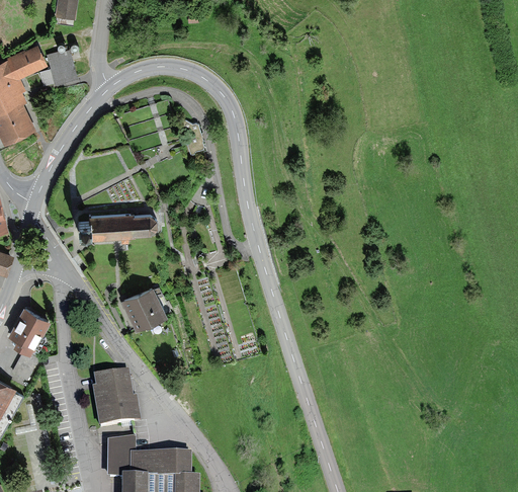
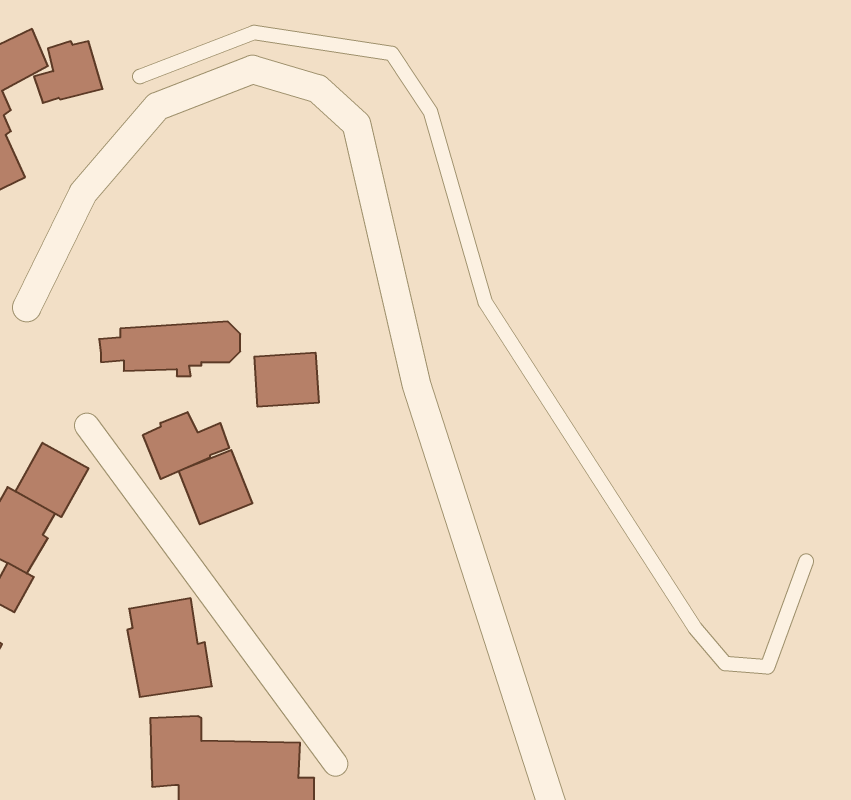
building: none -> [254,353,319,407]
building: none -> [143,412,229,479]
building: none -> [15,443,88,517]

